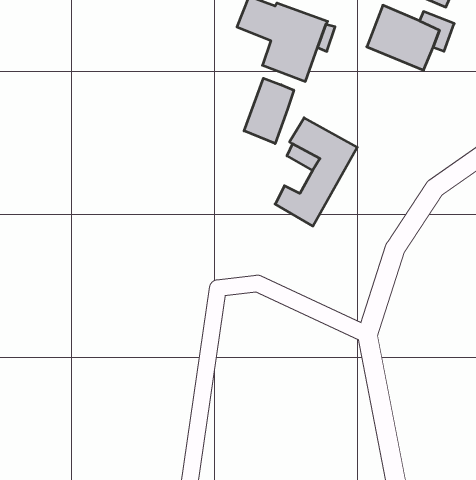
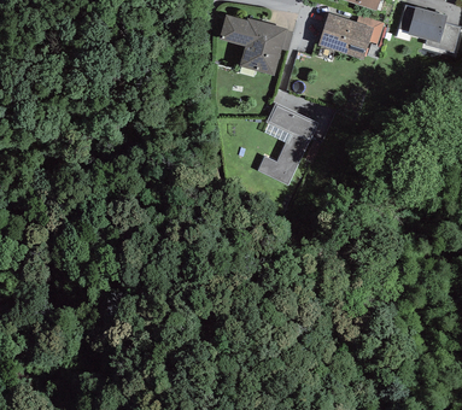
building: [244,78,294,144] -> none

